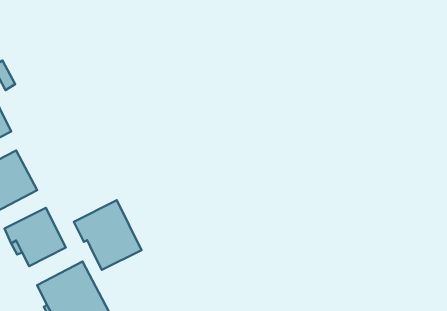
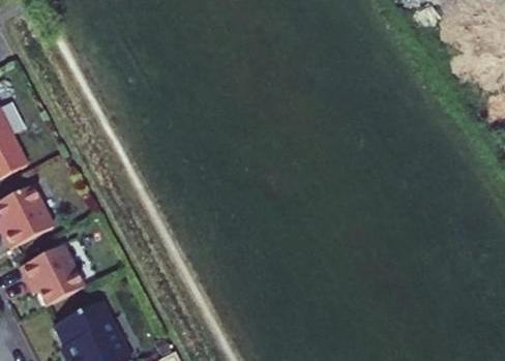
building: [74,200,142,270] -> none

